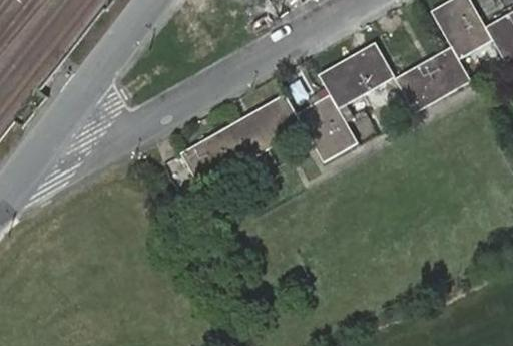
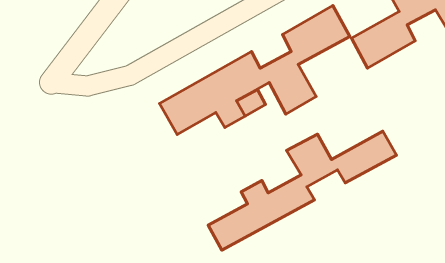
building: none -> [208,131,397,250]

